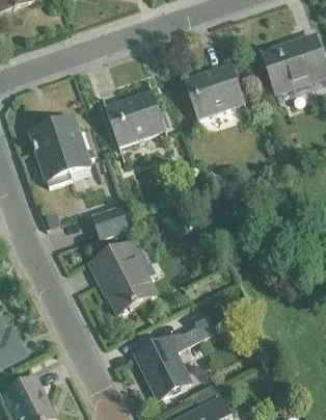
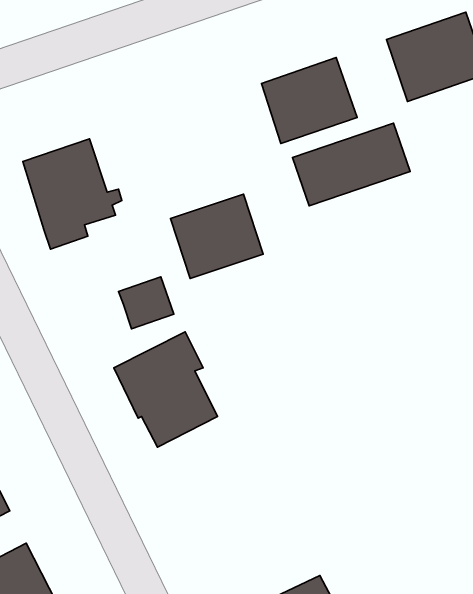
building: [106,91,165,146] -> [171,194,263,278]
building: none -> [292,123,410,206]
building: [136,306,224,399] -> none

